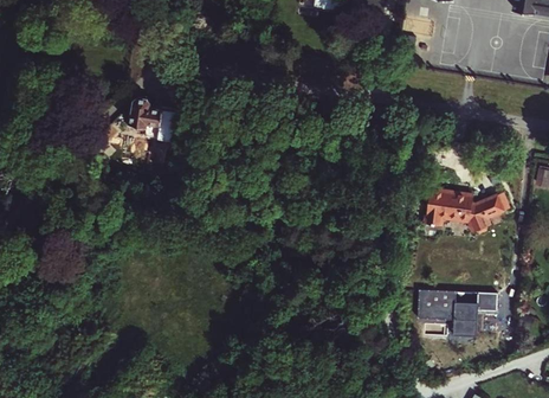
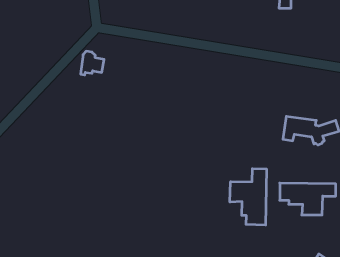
building: none -> [230,169,266,225]

